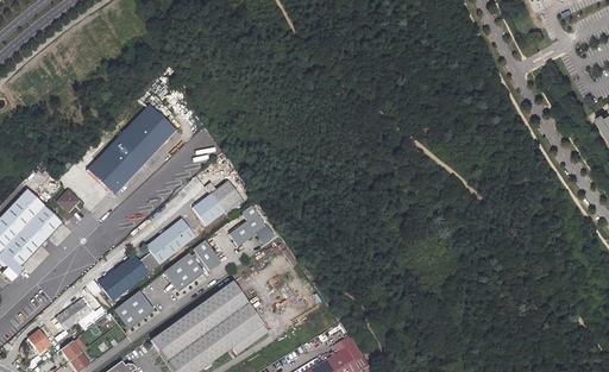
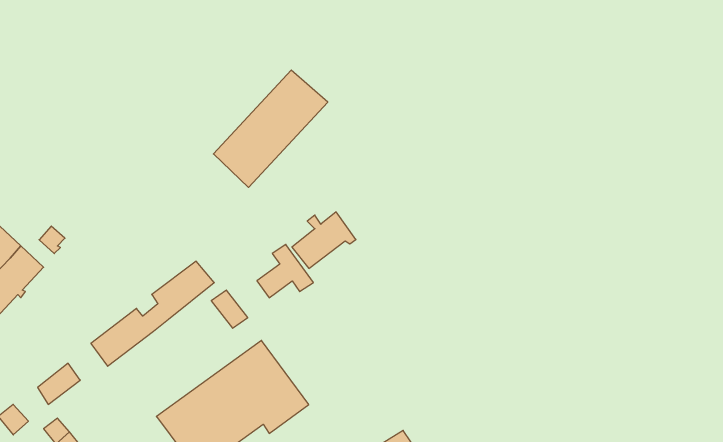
building: [87,106,176,197] -> [213,70,328,187]
building: [194,179,244,223] -> [292,212,356,268]
building: [164,252,203,290] -> none
building: [115,290,155,328] -> none

